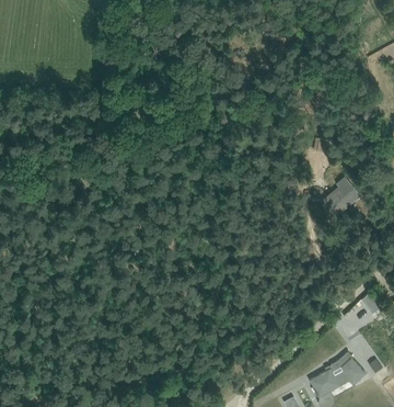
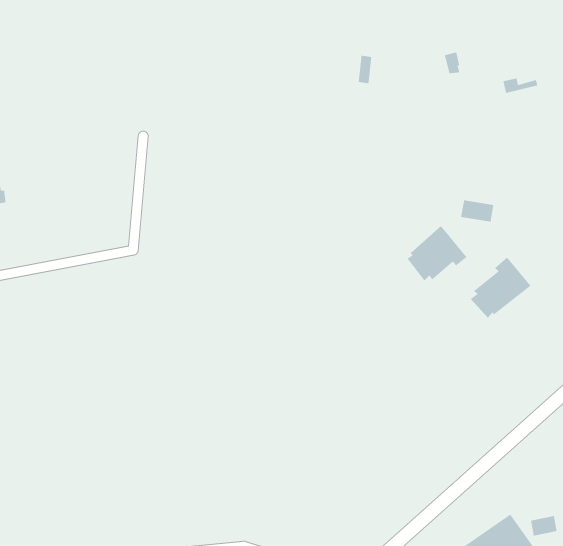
building: none -> [406,225,468,281]

